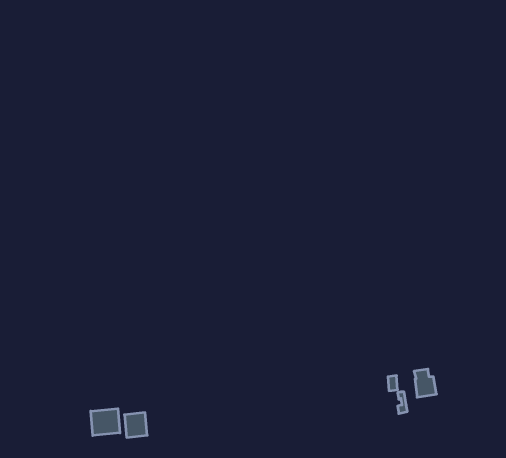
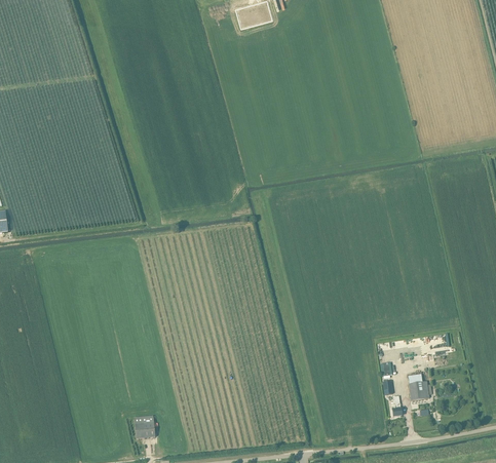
building: [91,409,120,436] -> none

